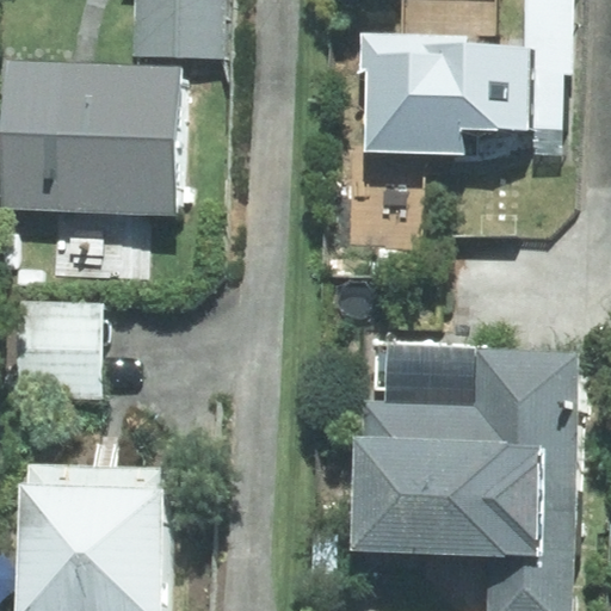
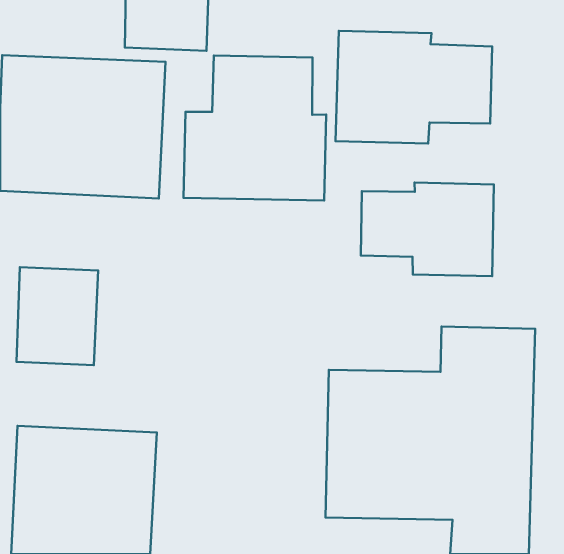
building: none -> [183,56,326,200]
building: none -> [361,183,494,276]

